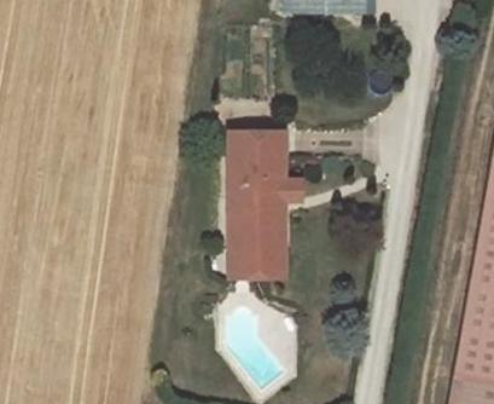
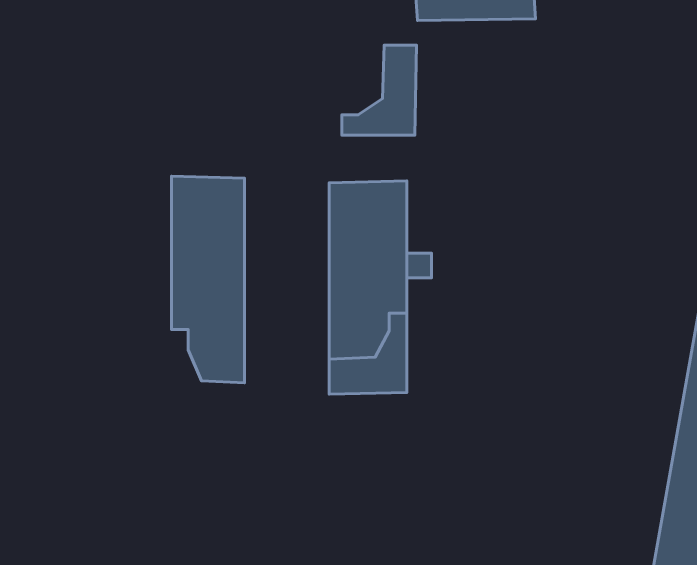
building: none -> [342,45,417,135]
building: none -> [172,176,244,383]

